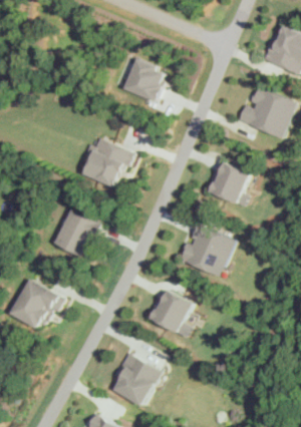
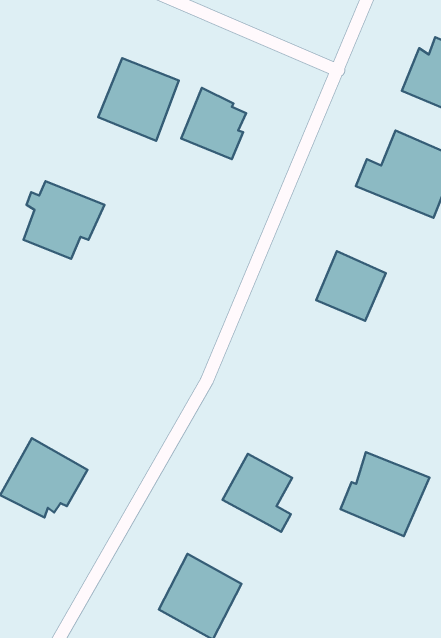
building: none -> [98,58,179,141]
building: [82,137,133,186] -> [23,181,104,259]
building: [53,209,102,259] -> none
building: [178,224,234,277] -> [340,452,429,536]

